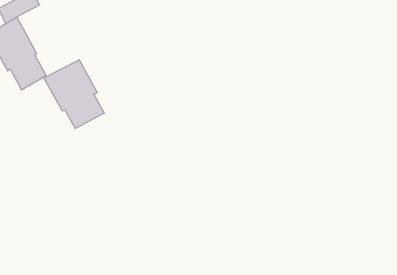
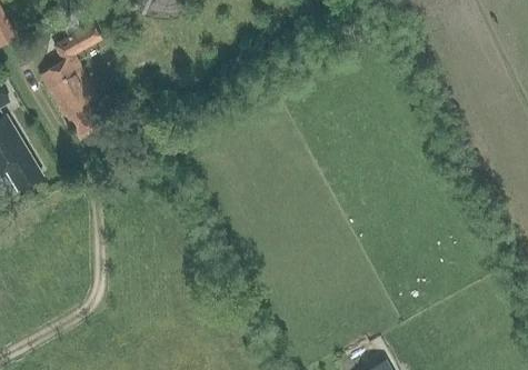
building: [44,60,104,129] -> none

